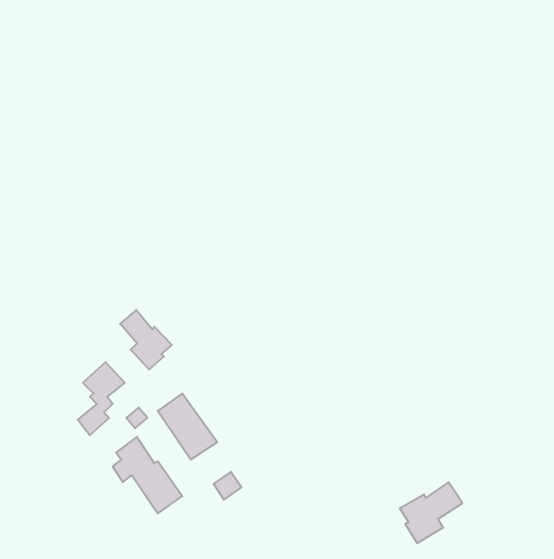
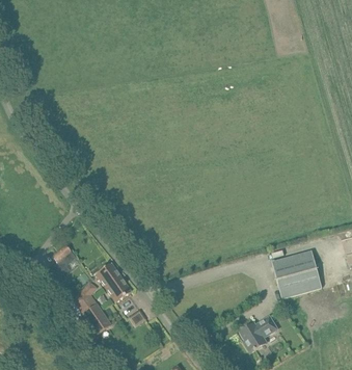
building: [120,310,172,370] -> none
building: none -> [273,249,323,297]

